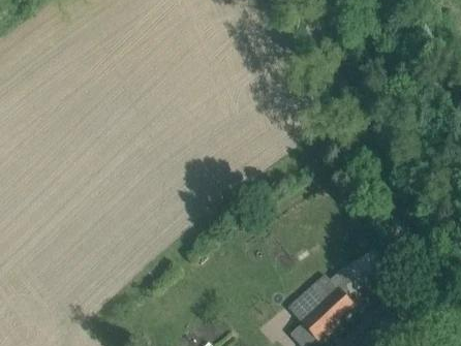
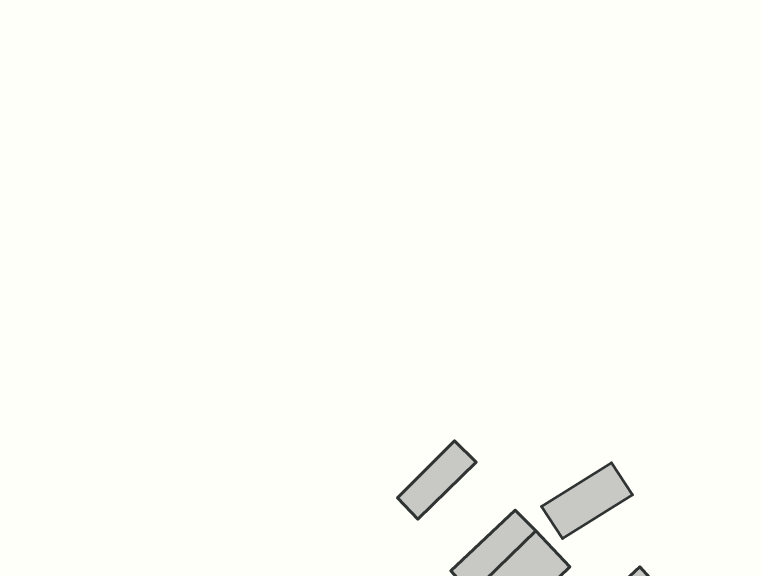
building: none -> [398,441,476,519]

